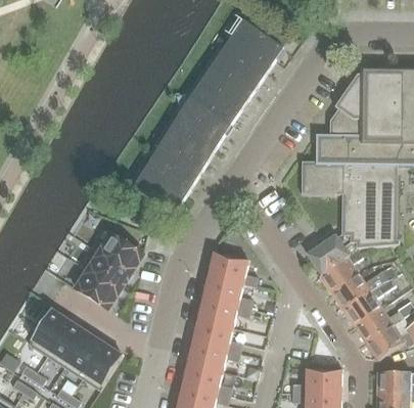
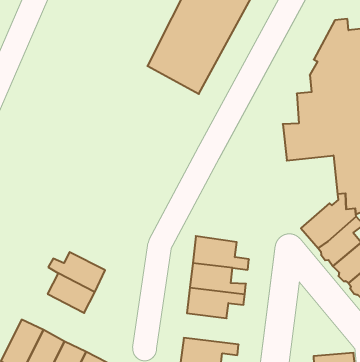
building: [129,96,230,214] -> none
building: [91,234,142,273] -> none
building: [193,319,243,352] -> none

